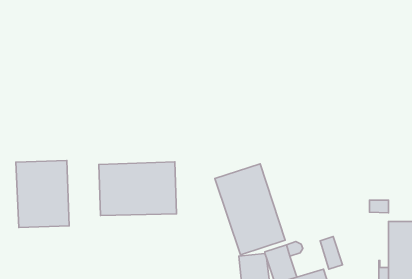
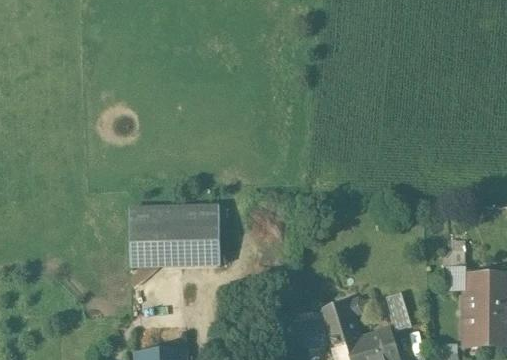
building: [16,161,69,227] -> none
building: [215,164,285,255] -> none

